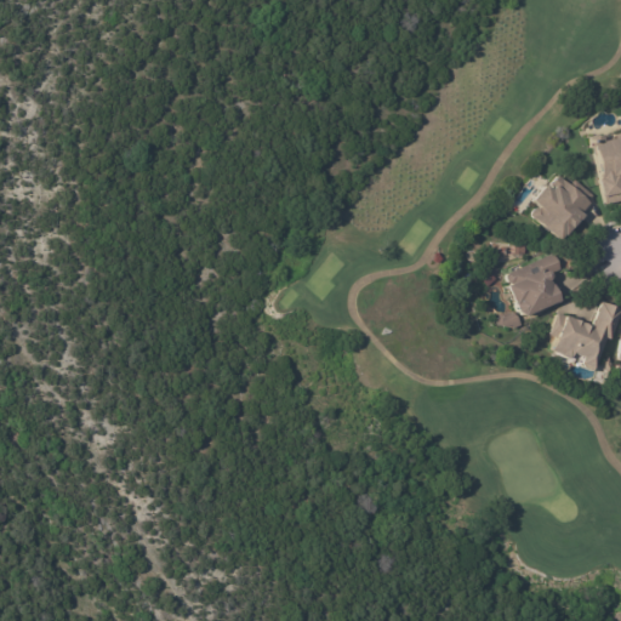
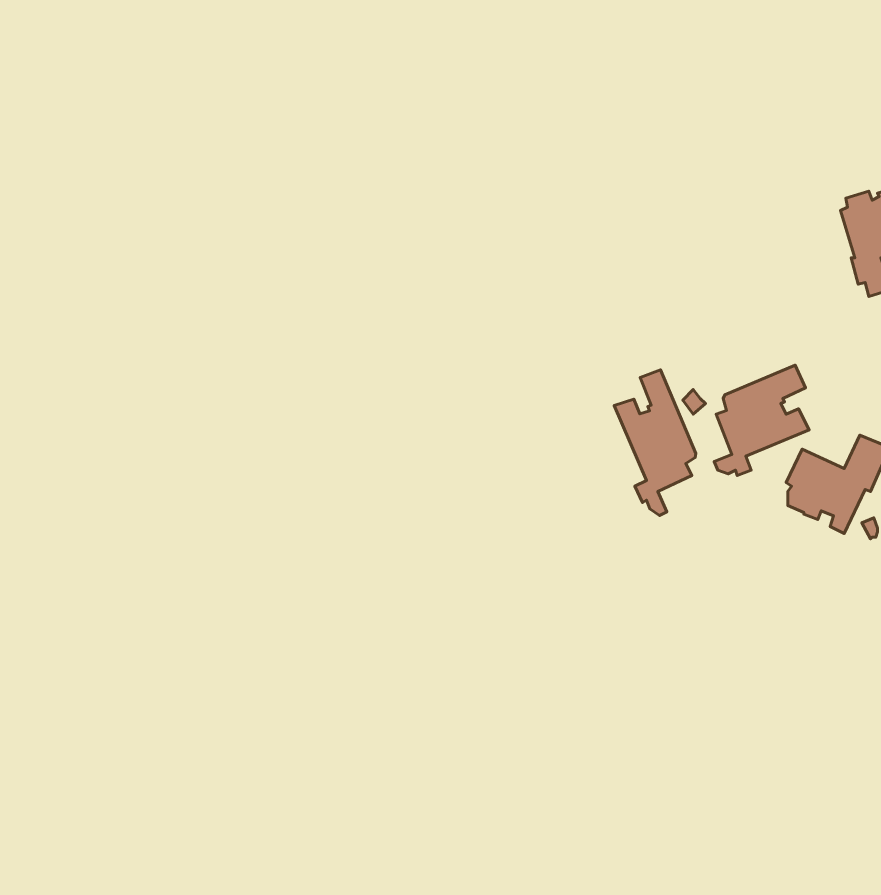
building: [531,175,600,241] -> none
building: none -> [614,370,696,515]

